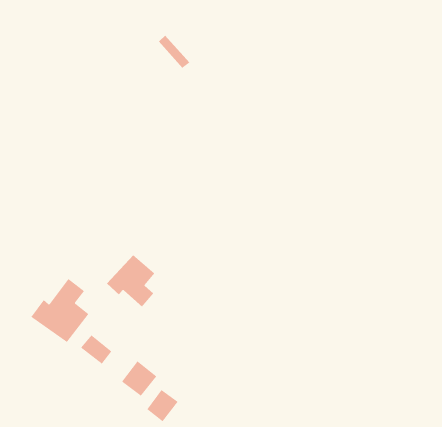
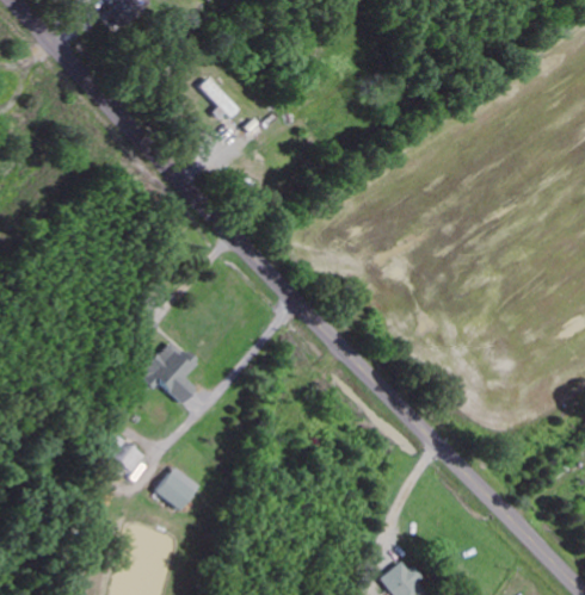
building: [31,278,89,343] -> none
building: [146,389,178,422] -> none

